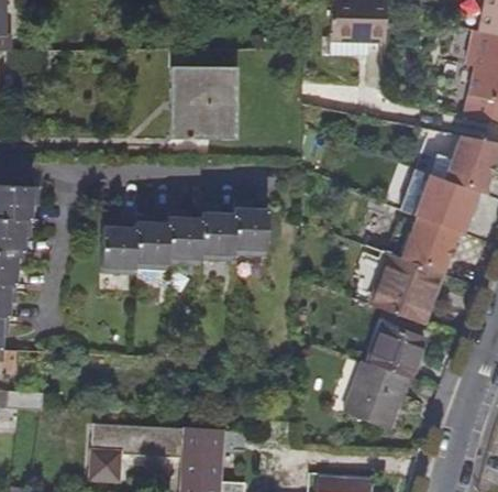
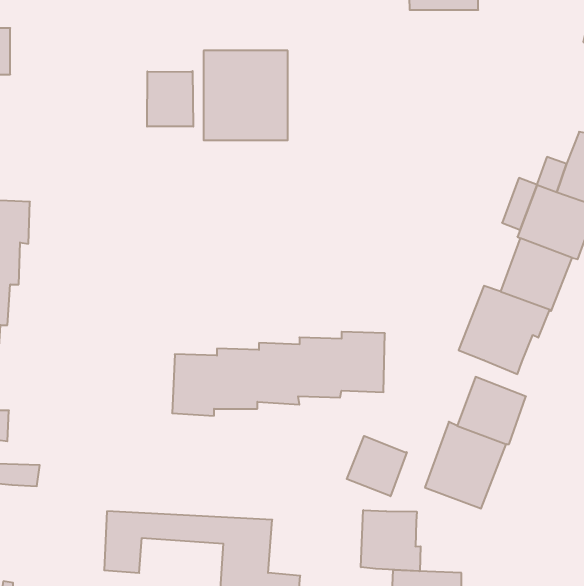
building: none -> [147,71,193,127]
building: [102,208,269,274] -> [172,332,385,416]
building: none -> [347,436,407,496]
building: none -> [361,510,421,571]

